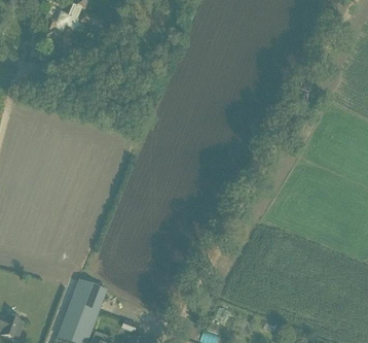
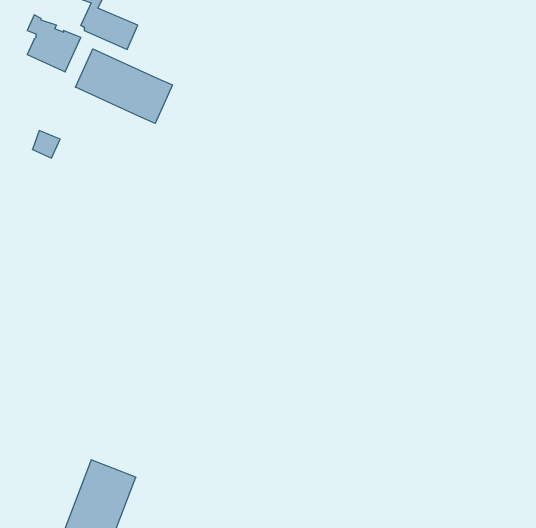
building: none -> [75,49,172,123]

